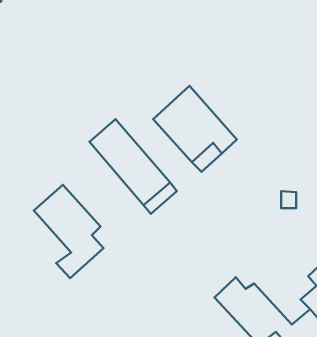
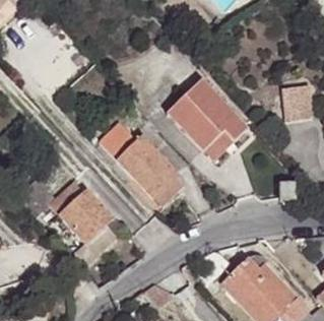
building: none -> [284,86,315,119]

